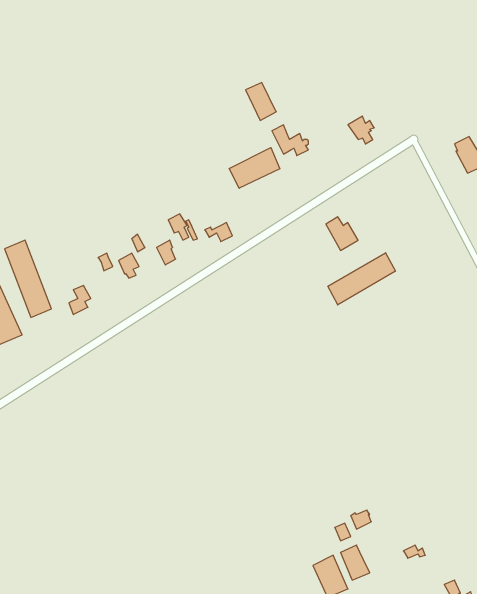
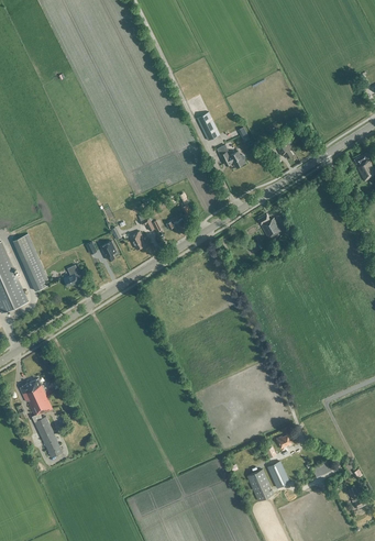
building: [229,148,280,188] -> none
building: [328,253,395,305] -> none
building: none -> [20,378,63,457]

